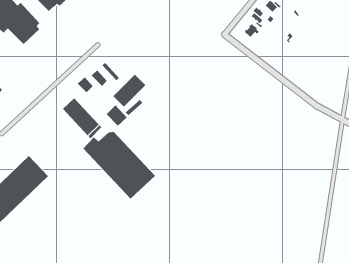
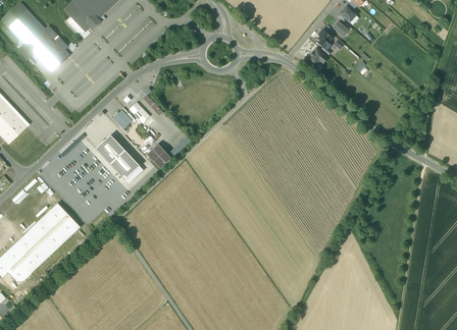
building: [113,74,146,107] -> none
building: [83,131,156,200] -> none

